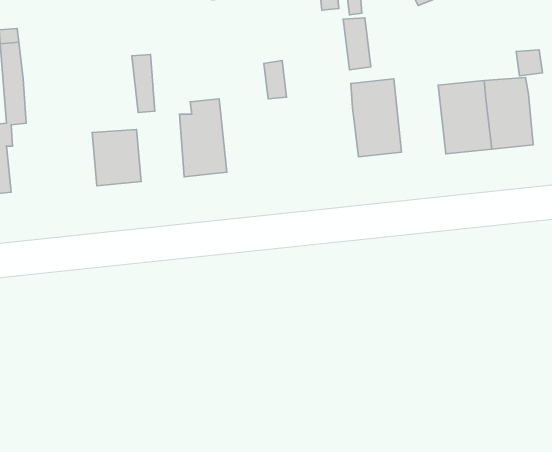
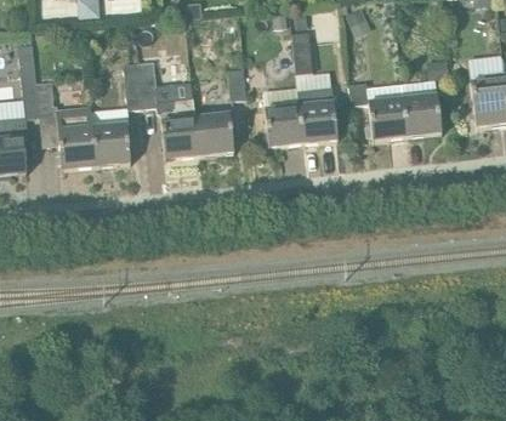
building: none -> [138,59,161,107]
building: none -> [38,80,96,169]
building: none -> [262,85,303,147]
building: none -> [193,97,234,155]

